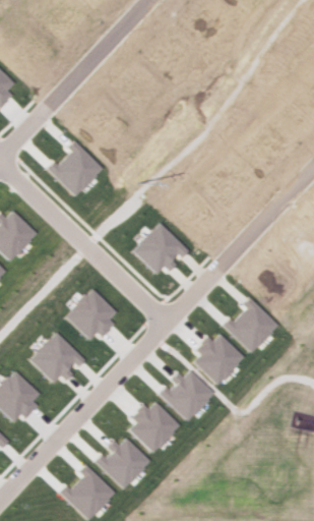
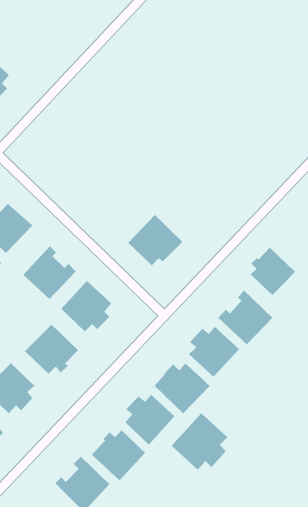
building: [47,140,104,196] -> none
building: none -> [23,245,77,300]
building: none -> [250,247,296,296]
building: none -> [171,412,228,471]

